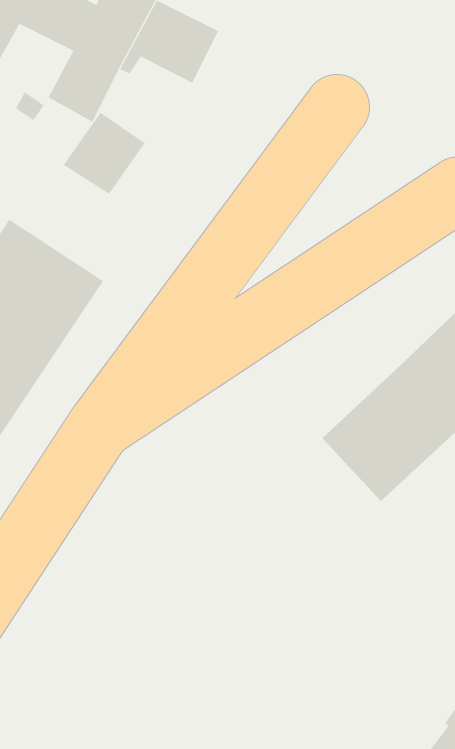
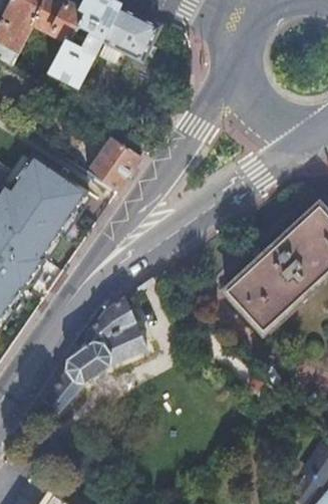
building: [63,112,145,194] -> [86,137,139,190]
building: none -> [34,299,146,425]

